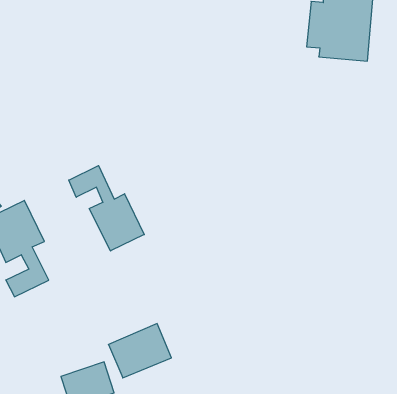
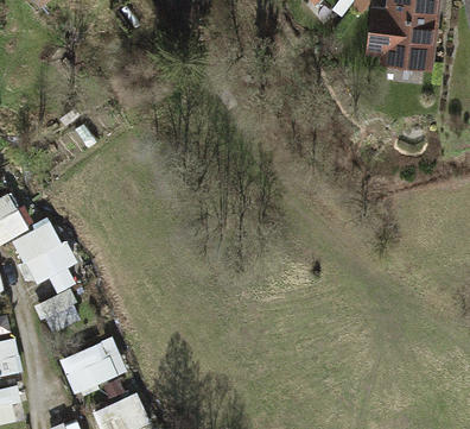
building: [69,166,144,251] -> none
building: [108,324,171,378] -> [61,335,128,393]

